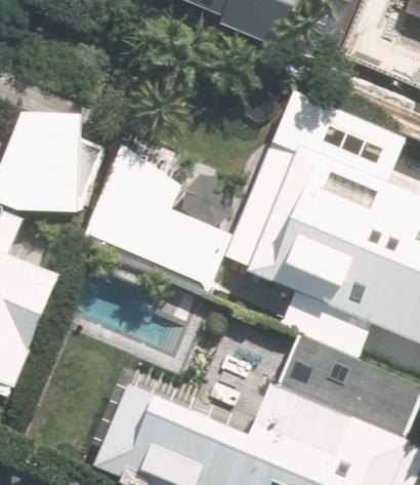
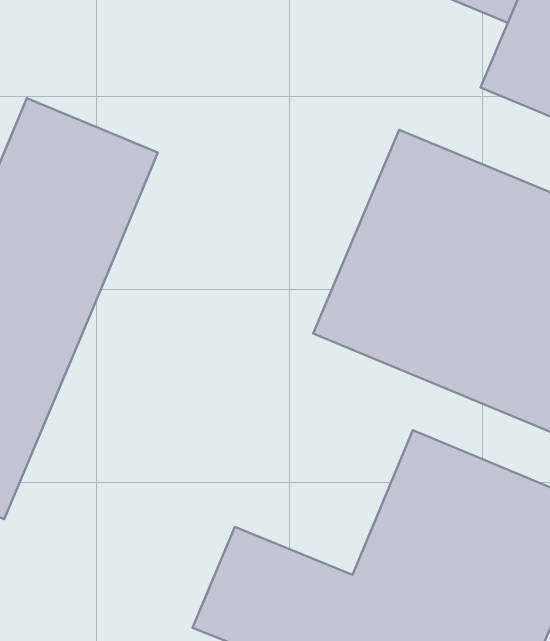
building: [86,171,221,273] -> none

